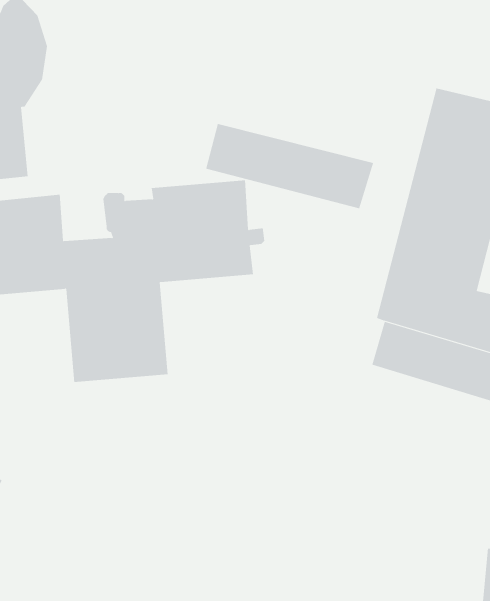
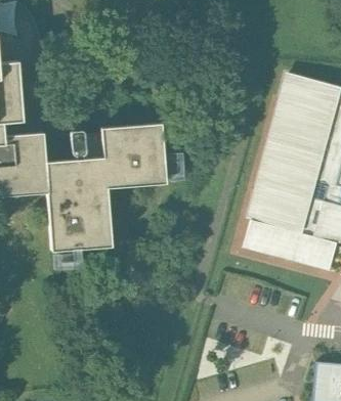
building: [205,123,374,209] -> none

